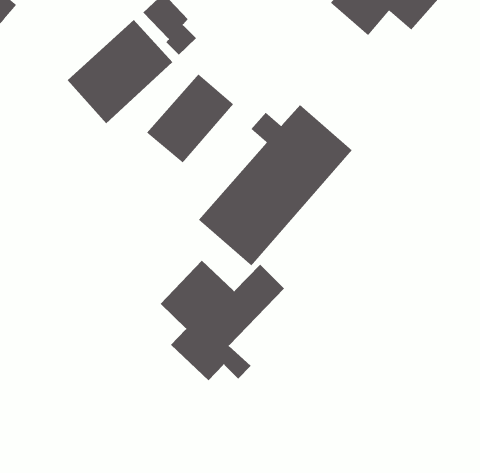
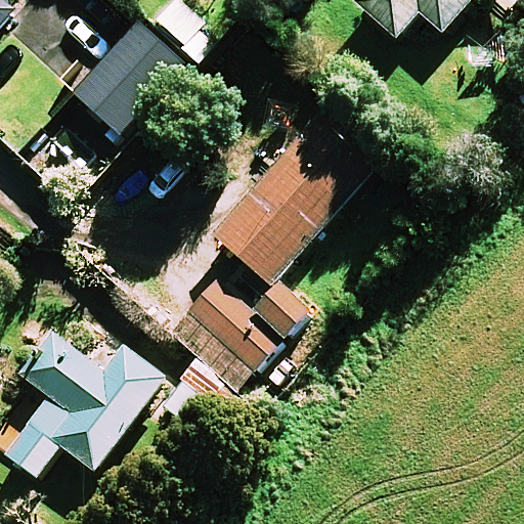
building: [146,73,234,163] -> none
building: none -> [5,332,168,478]

